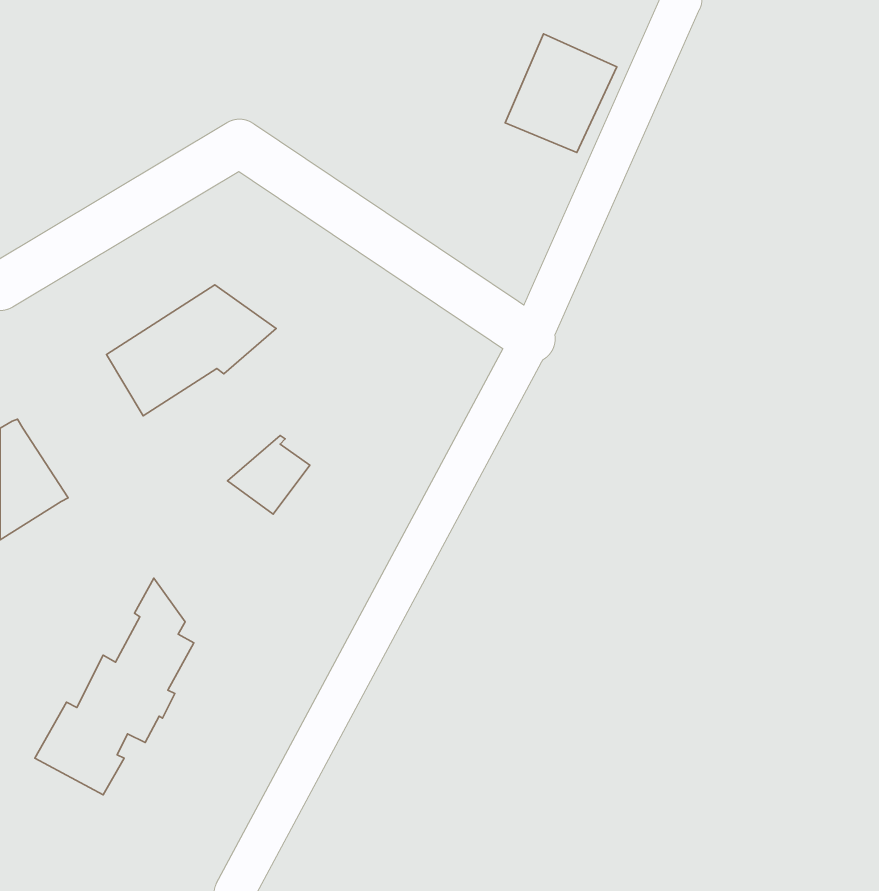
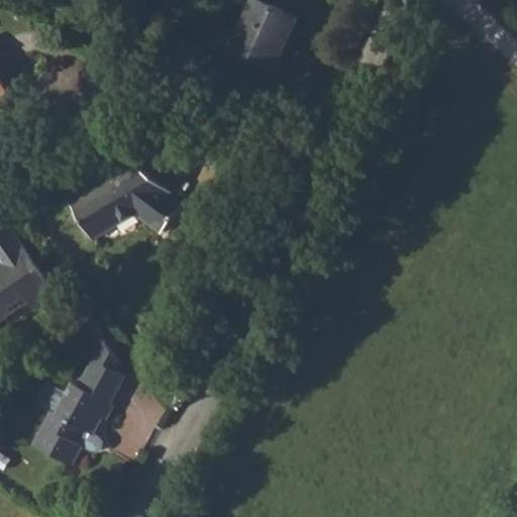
building: [505,34,617,153] -> [234,5,299,74]
building: [228,435,310,514] -> [137,191,185,236]

